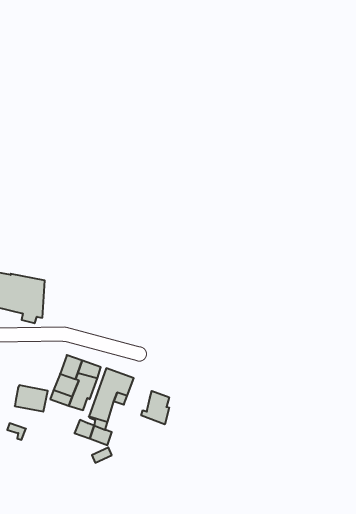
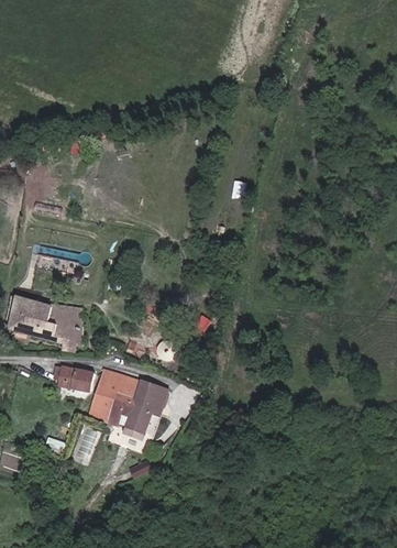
building: [15,385,48,412] -> [62,368,95,394]
building: [141,391,169,424] -> none

